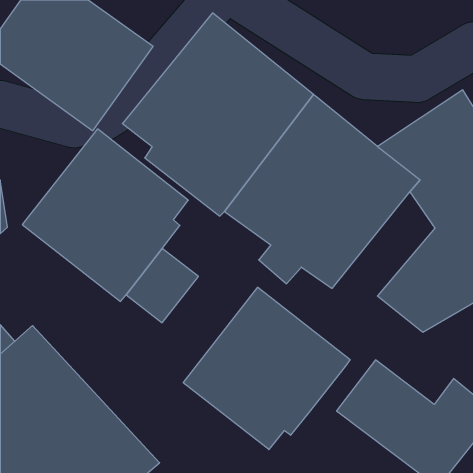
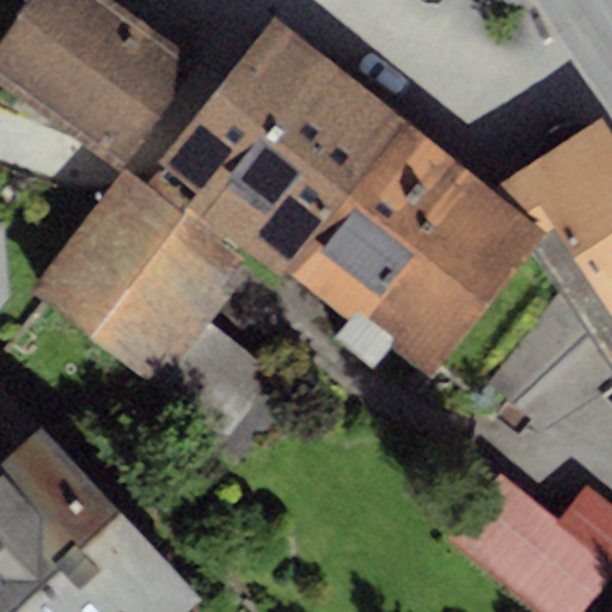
building: [183,287,350,450] -> none

